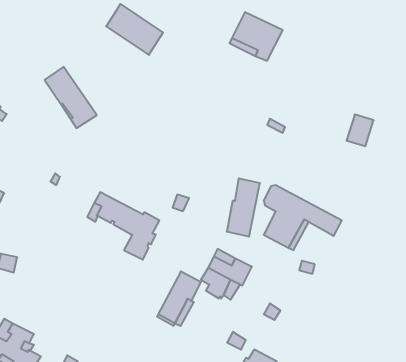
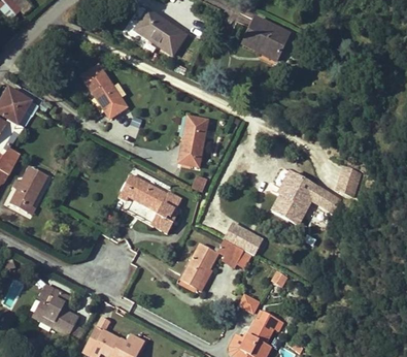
building: [346,114,374,146] -> [336,166,360,194]
building: [227,178,260,236] -> [178,116,207,166]

